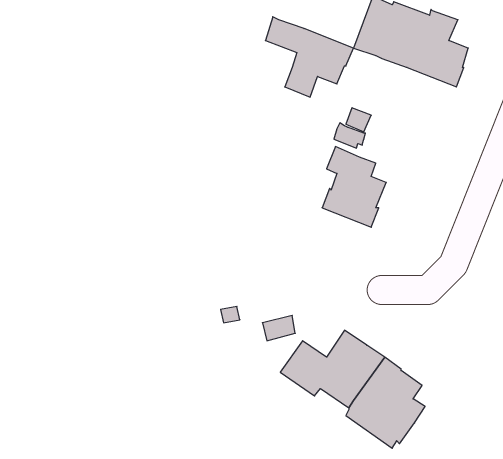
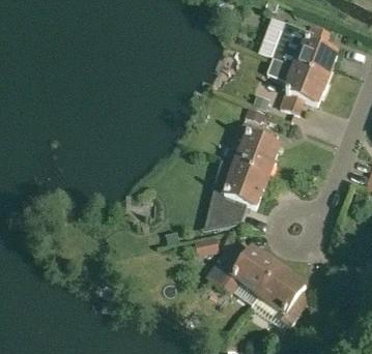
building: [265,17,353,97] -> [267,57,328,113]
building: none -> [206,156,269,227]

